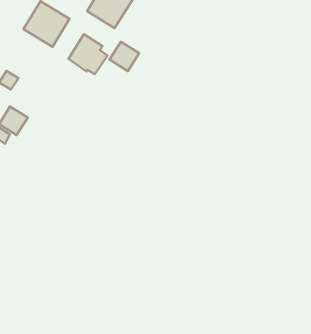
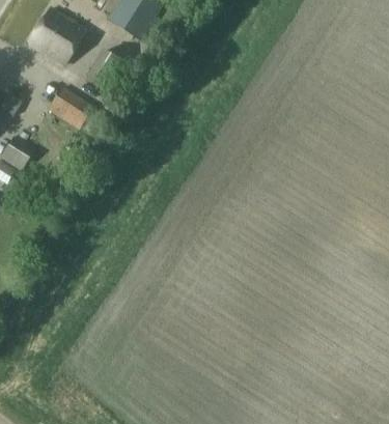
building: [110,42,139,71] -> none
building: none -> [47,84,93,129]

